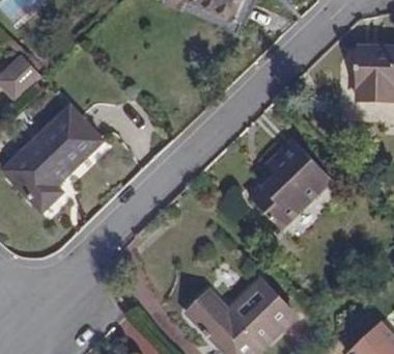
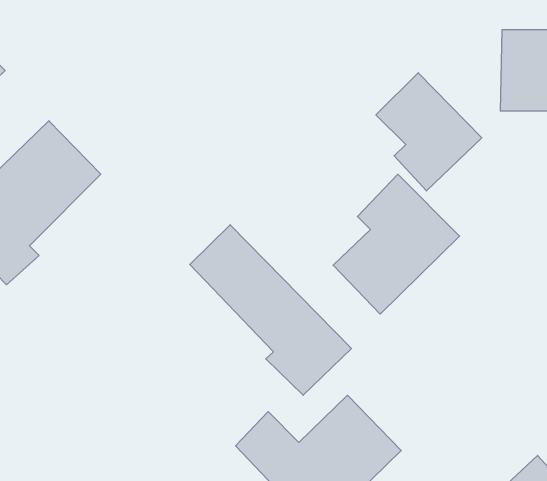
building: none -> [376,73,482,191]
building: none -> [190,225,351,395]

